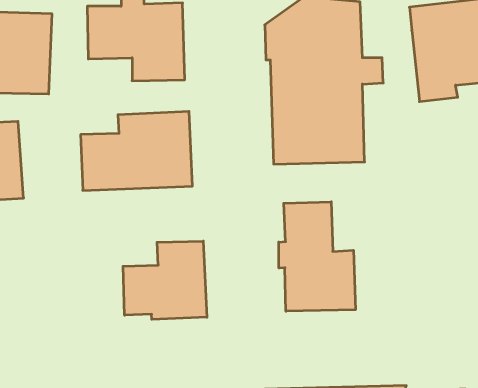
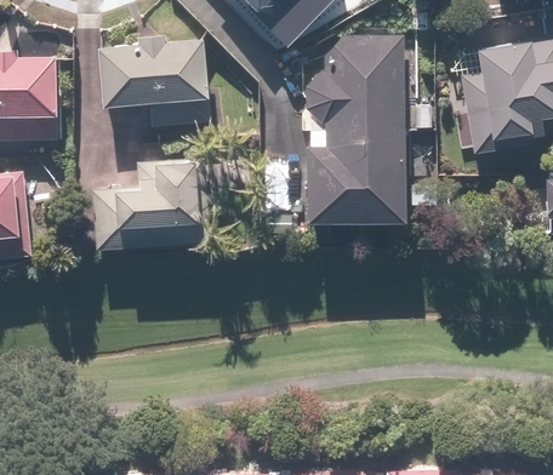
building: [279,202,355,311] -> none
building: [123,241,207,319] -> none

